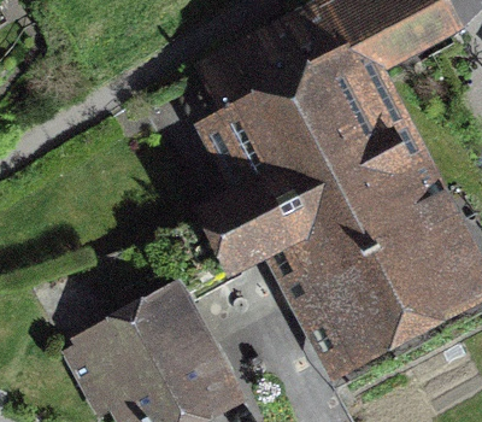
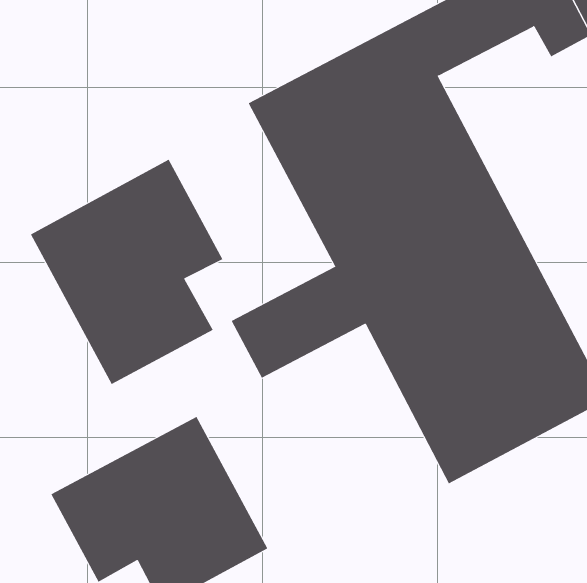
building: none -> [30,159,223,385]

